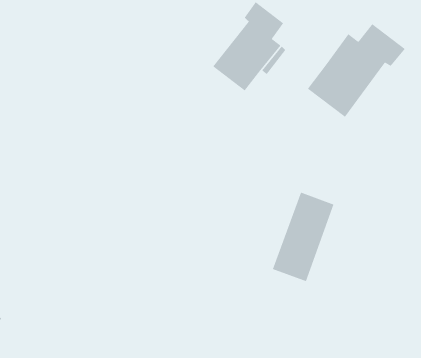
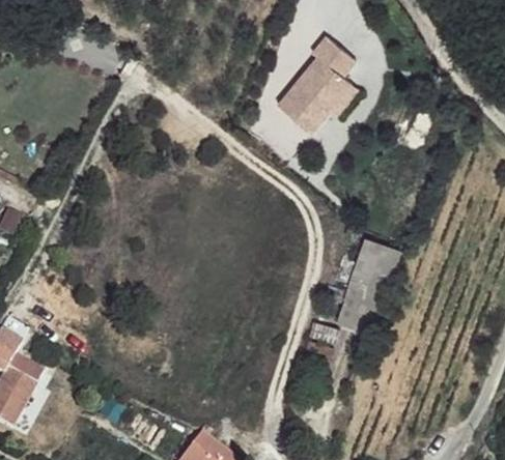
building: [307,23,406,118] -> none

